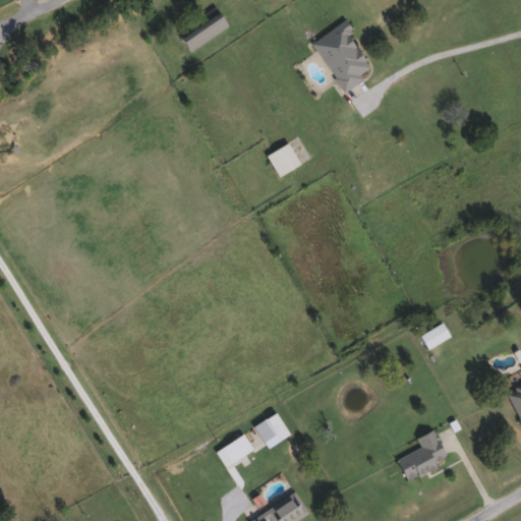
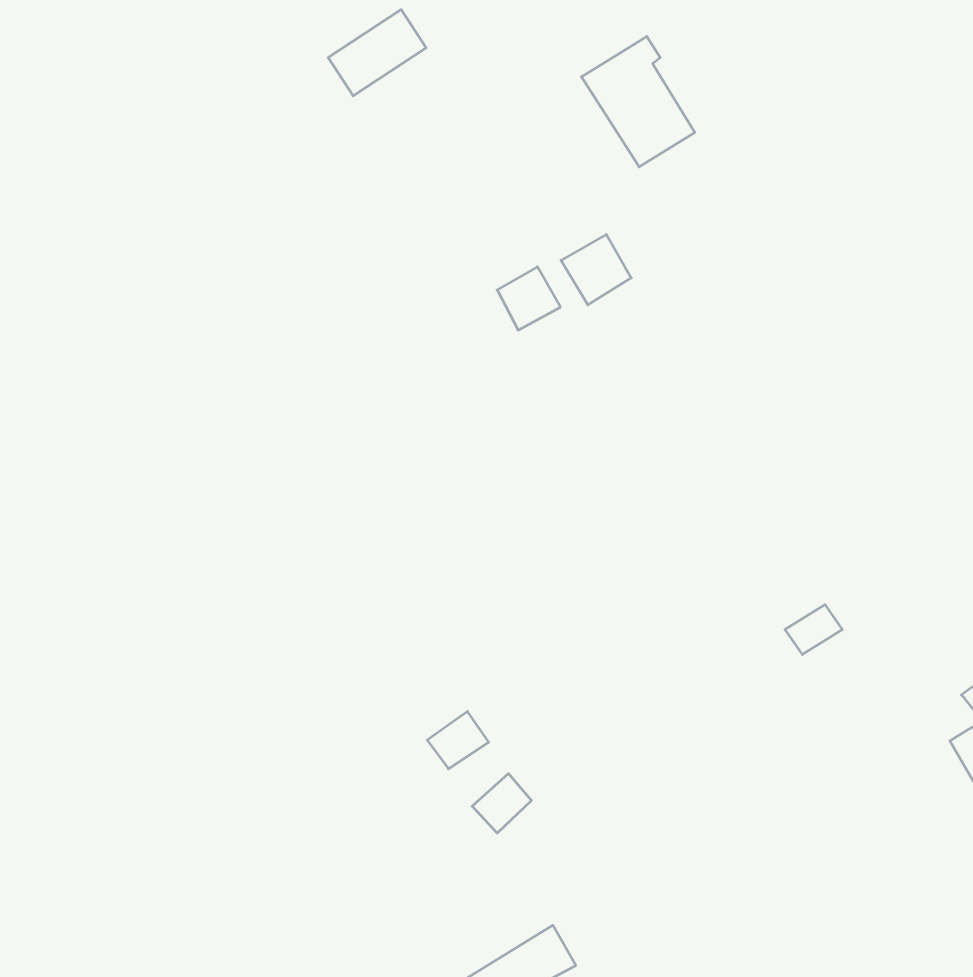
building: none -> [561,234,631,305]
building: [398,430,446,481] -> none
building: [222,433,254,464] -> [427,711,489,769]

